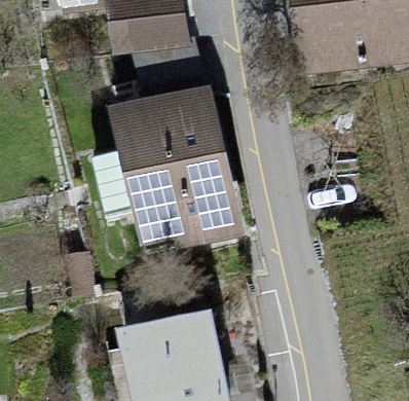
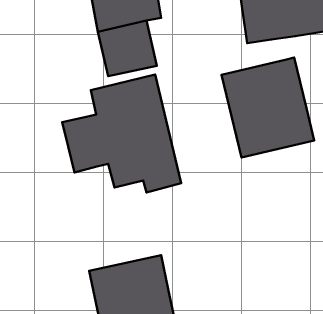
building: none -> [222,58,314,158]

